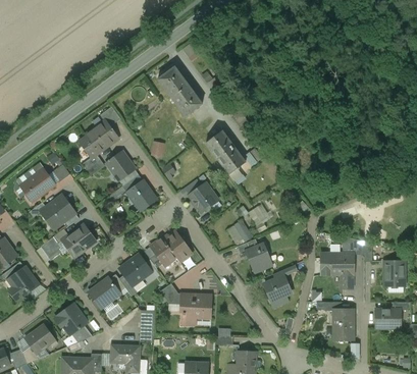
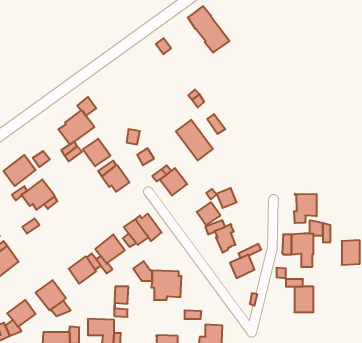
building: [158,66,203,116] -> [188,6,229,53]
building: none -> [294,194,317,223]
building: [62,224,97,257] -> none
building: [375,309,401,328] -> none

